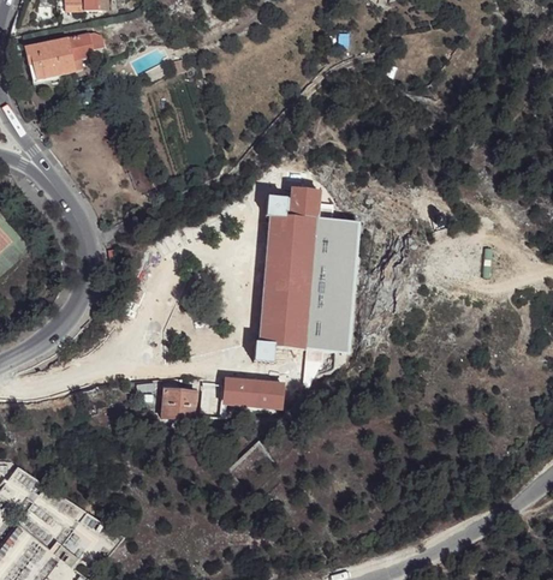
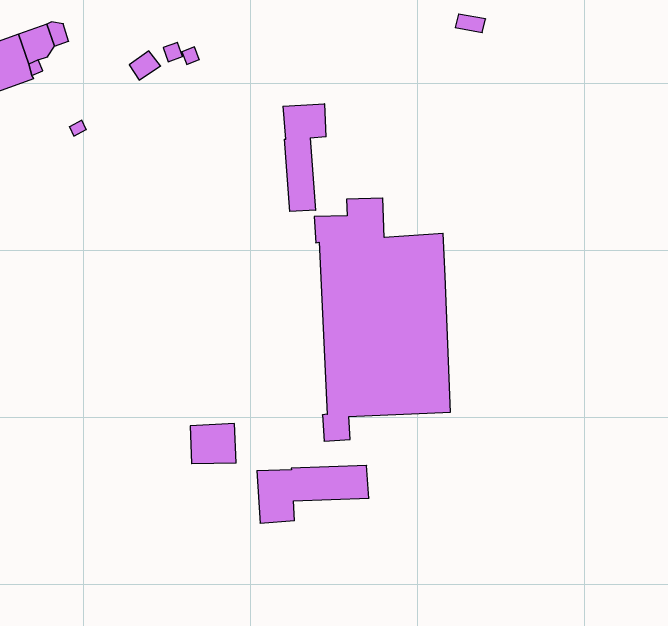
building: none -> [283,104,326,211]
building: [162,388,197,419] -> [190,424,236,464]

